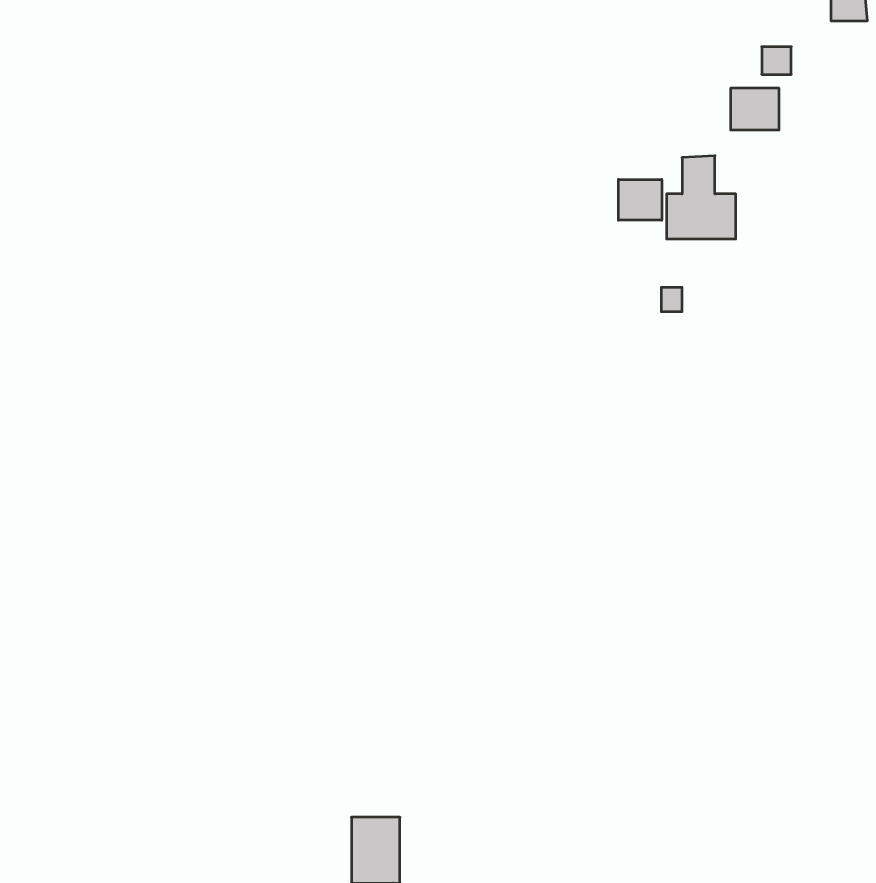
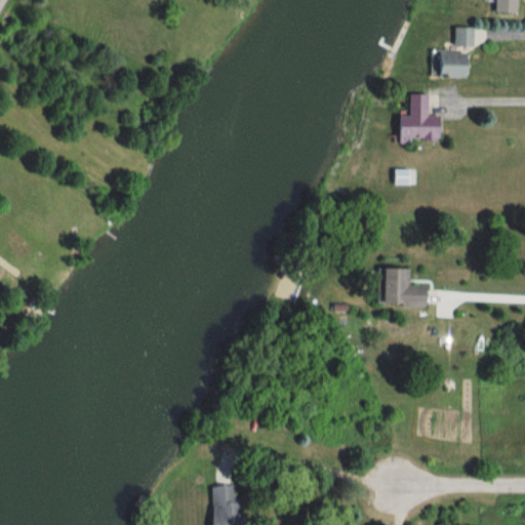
building: [618,179,662,220] -> none
building: none -> [383,268,428,306]

